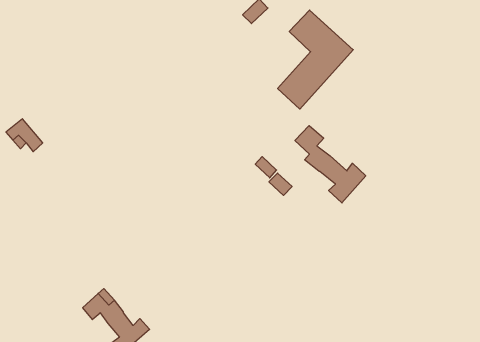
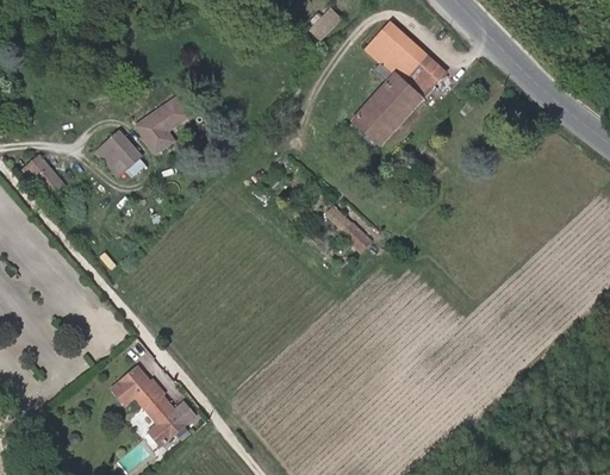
building: none -> [136,96,189,154]
building: none -> [95,131,141,176]
building: [295,126,366,203] -> none

